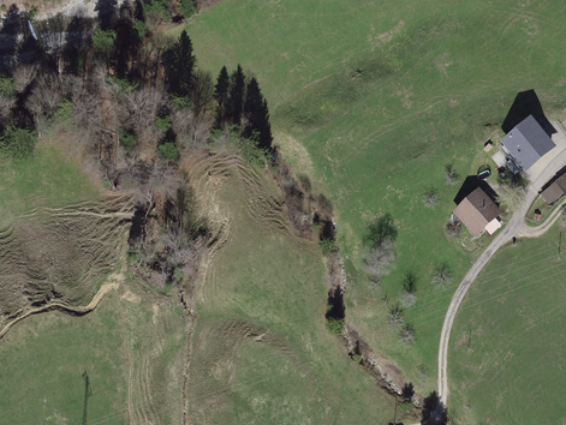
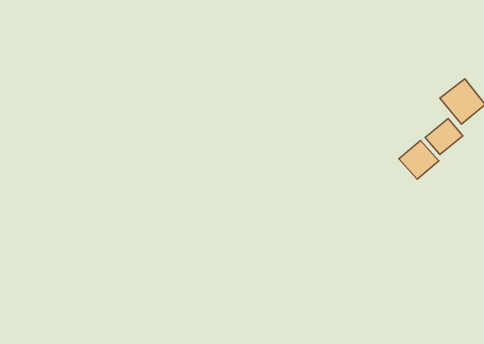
building: none -> [425,119,463,155]

